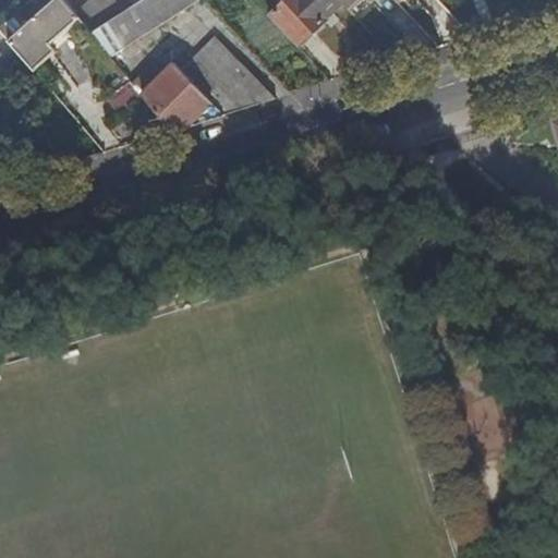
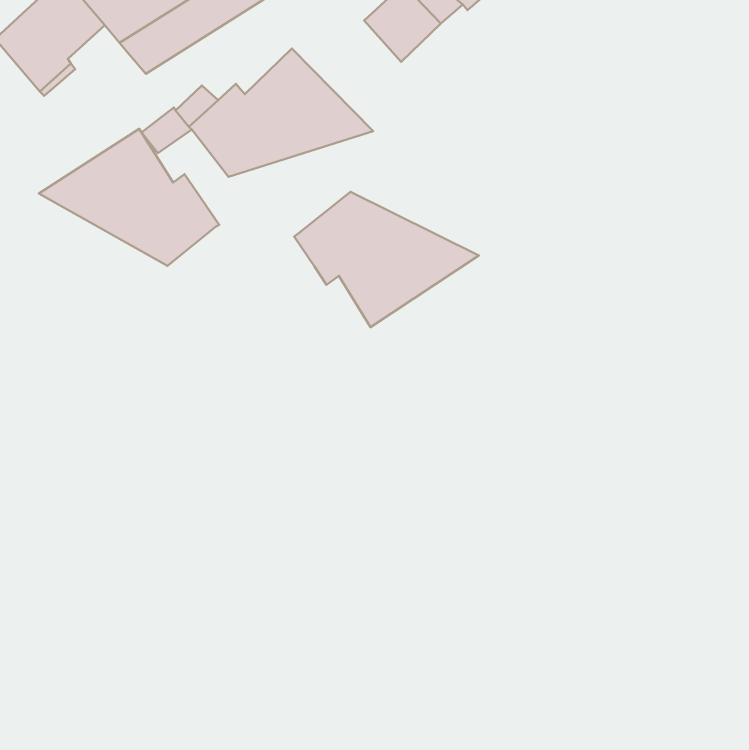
building: none -> [39,129,219,266]
building: none -> [294,192,479,327]

